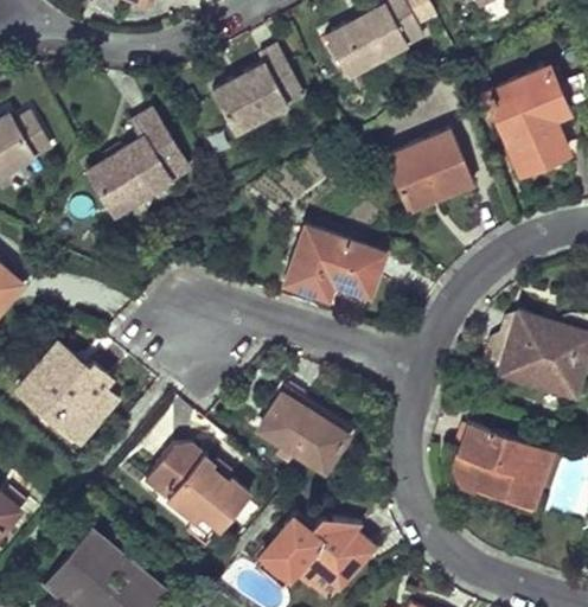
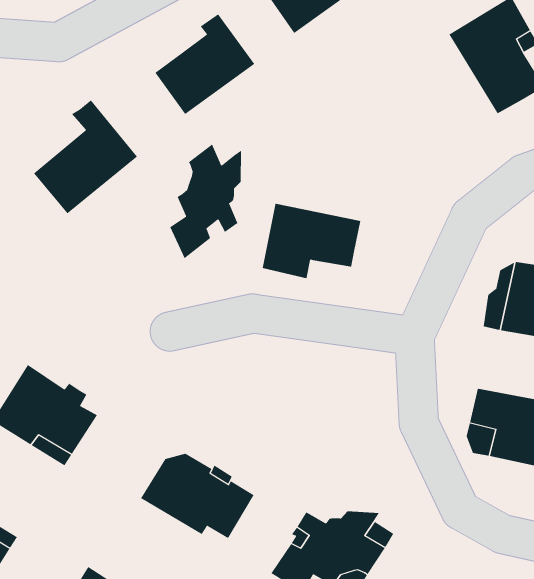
building: [384,129,474,209] -> none
building: none -> [169,144,241,259]
building: [260,388,351,473] -> none

